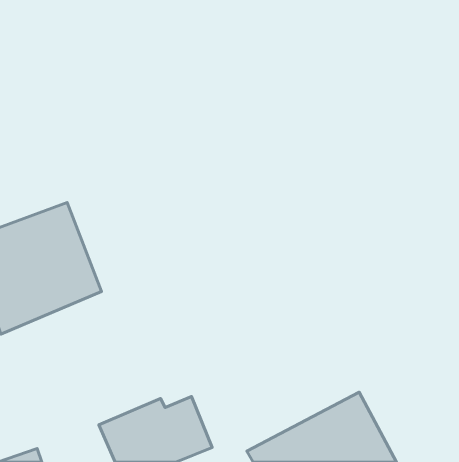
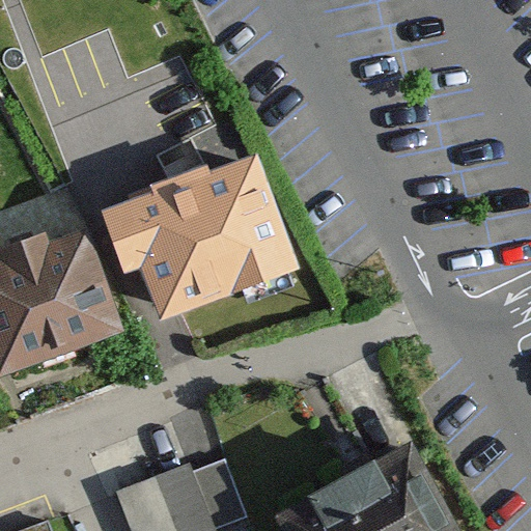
building: none -> [115,153,292,319]

